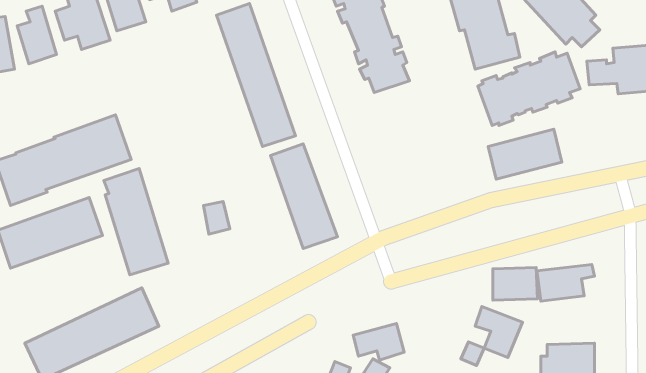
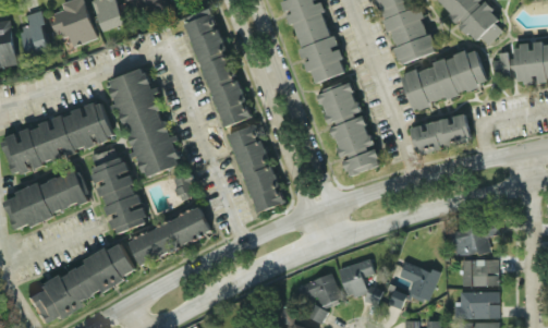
building: none -> [107,68,180,178]
building: none -> [316,81,382,178]
building: none -> [129,206,211,267]
building: [493,267,537,300] -> [461,259,498,287]
building: none -> [339,260,374,299]

